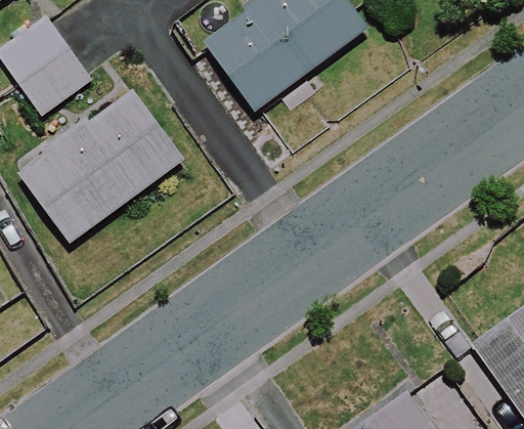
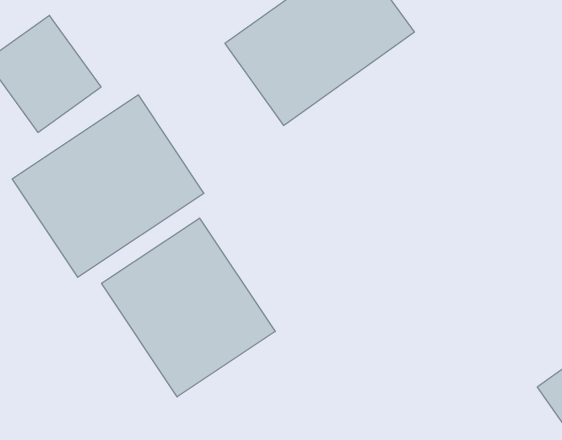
building: none -> [102,218,275,397]

